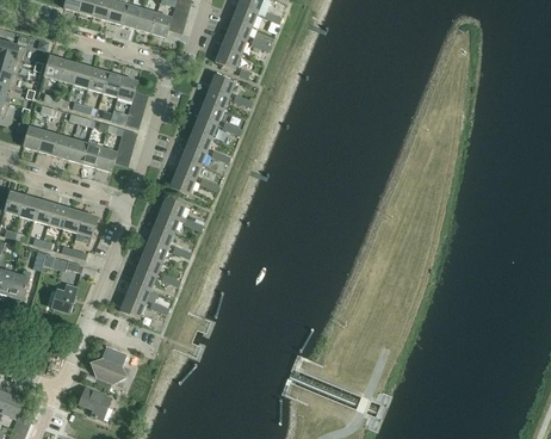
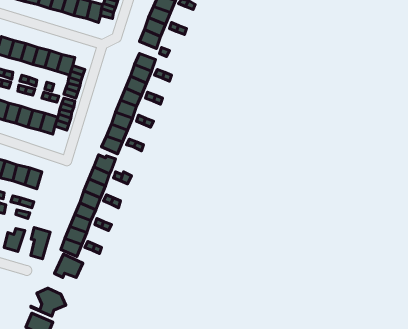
building: none -> [31,227,50,259]
building: none -> [55,254,83,278]

